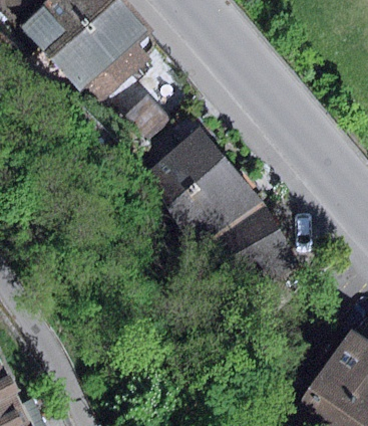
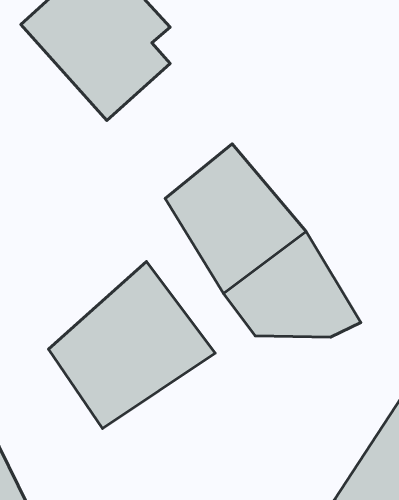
building: none -> [48,261,215,429]

